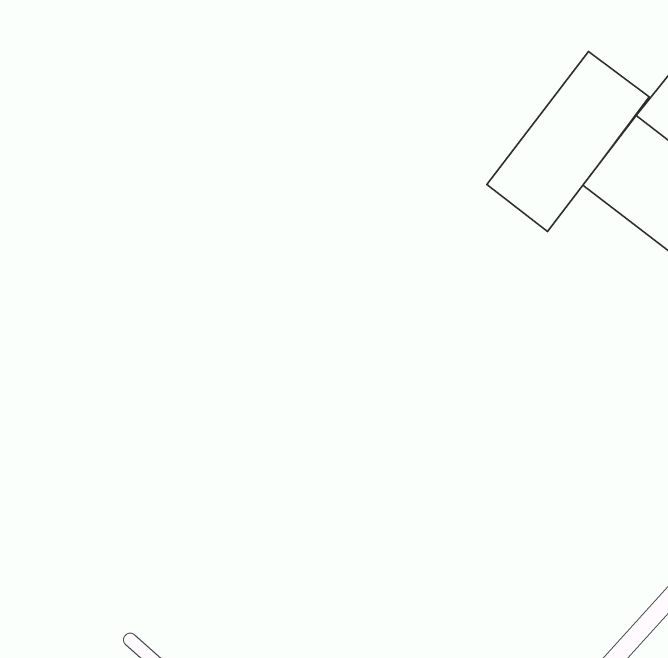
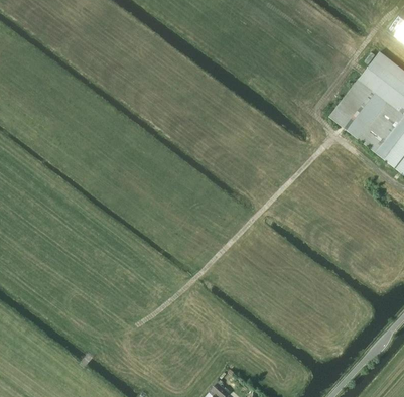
building: [487,52,649,231] -> none

